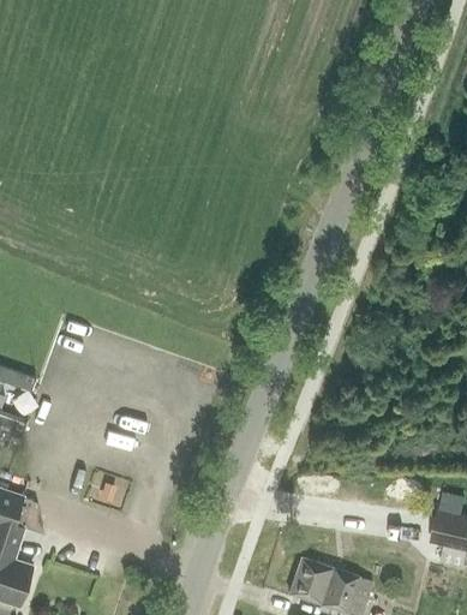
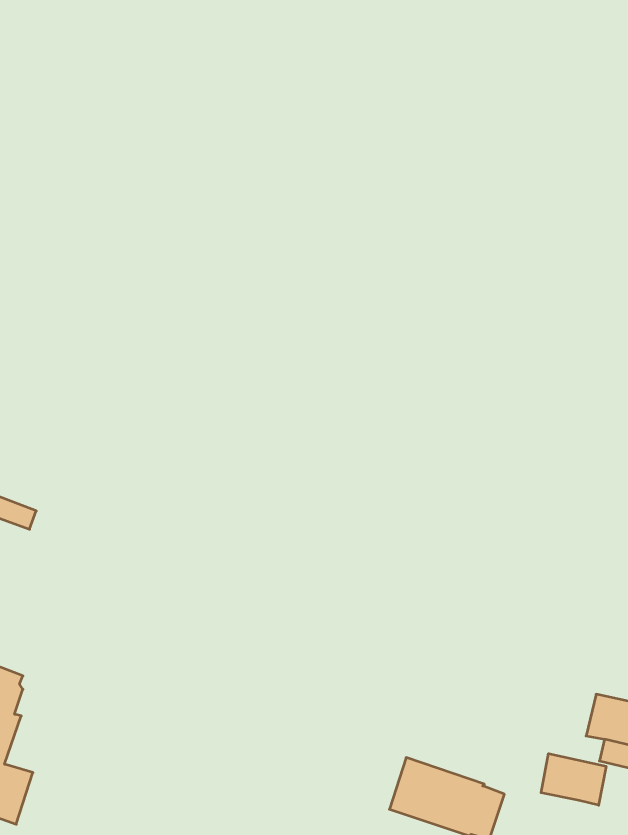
building: none -> [541,754,606,805]

